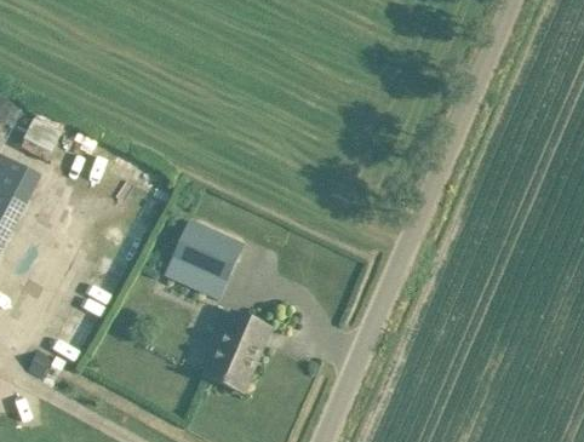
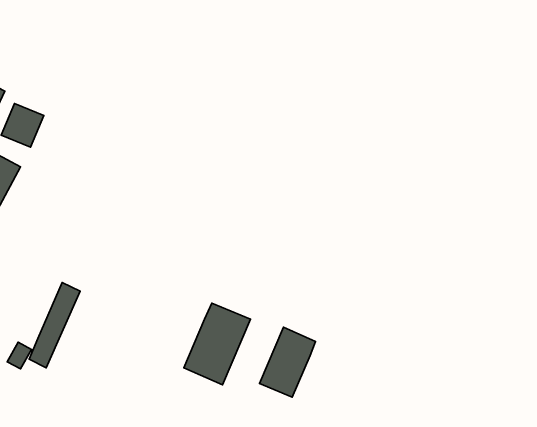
building: [164,219,242,298] -> none
building: none -> [259,327,316,397]

